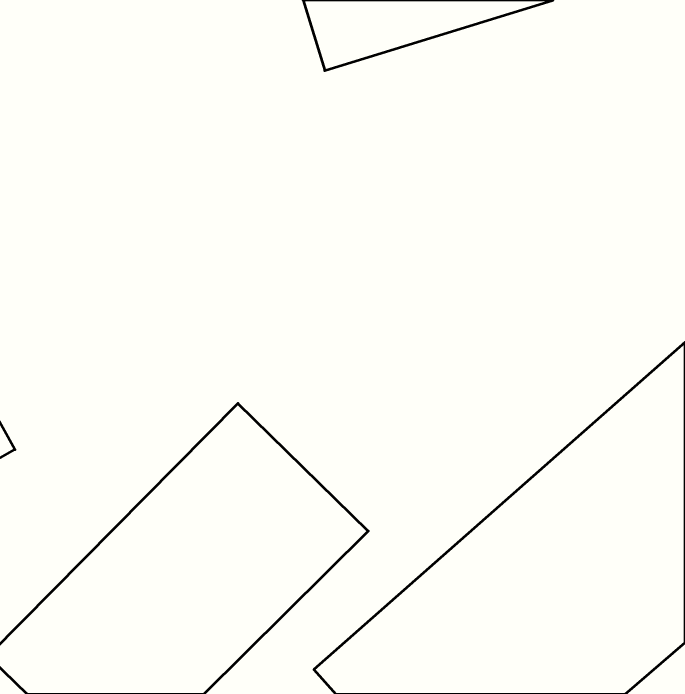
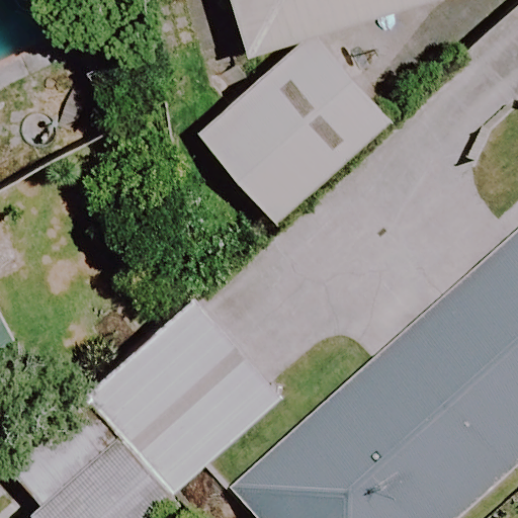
building: none -> [196,40,384,224]

